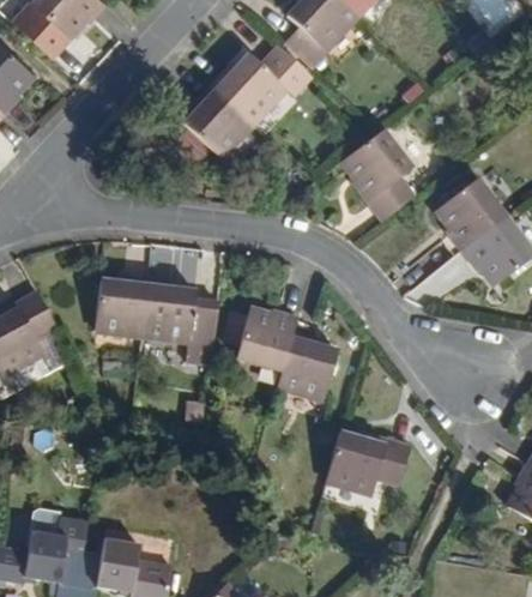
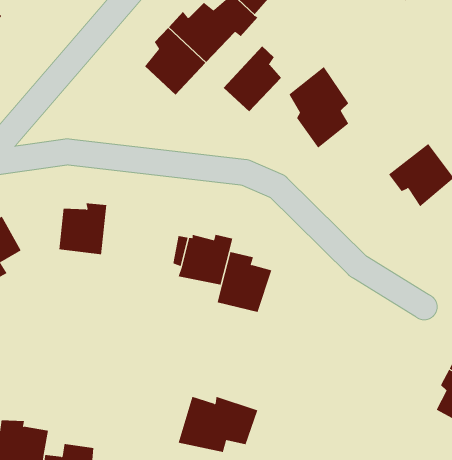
building: none -> [223,46,282,112]
building: [440,174,504,246] -> none
building: [144,279,222,366] -> none
building: [316,430,405,493] -> [178,396,258,452]

